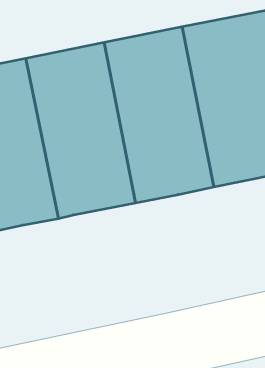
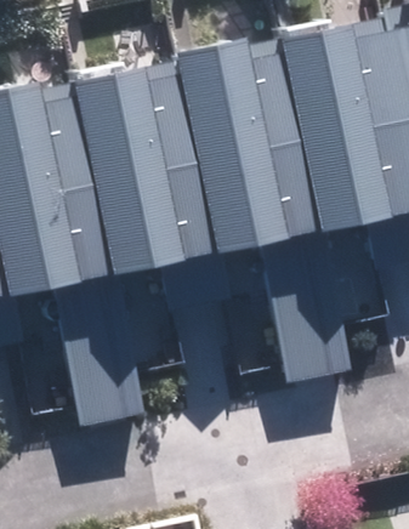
building: none -> [261,239,364,383]
building: none -> [57,281,150,427]

